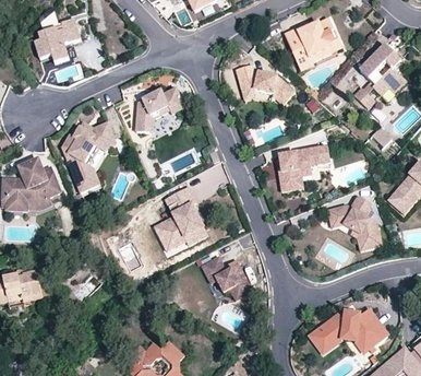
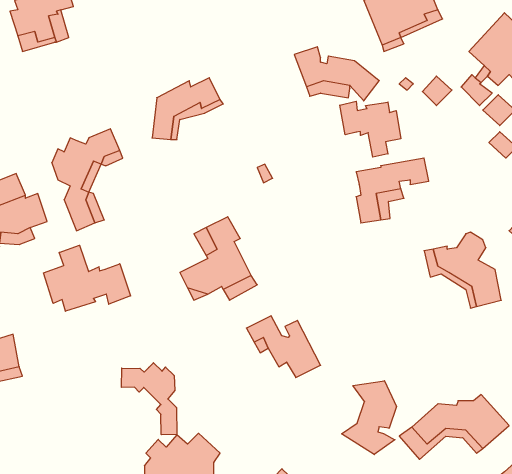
building: none -> [340,101,401,157]
building: none -> [44,245,131,311]
building: none -> [122,363,177,435]
building: none -> [342,381,396,455]

